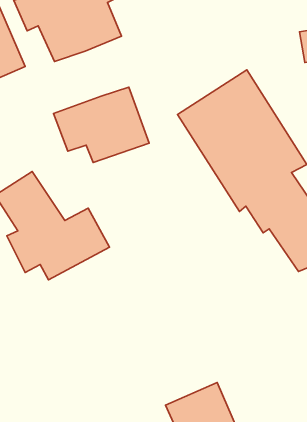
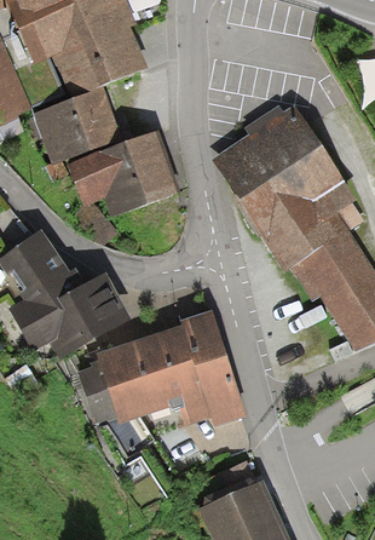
building: none -> [31,86,122,165]
building: none -> [75,309,247,427]

